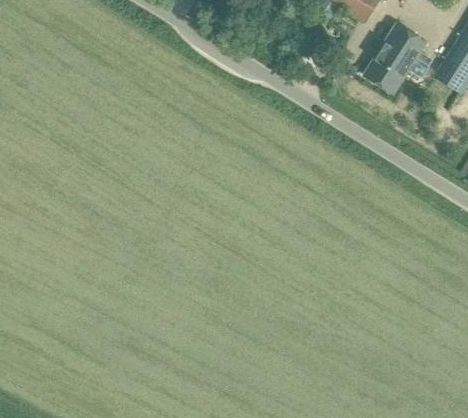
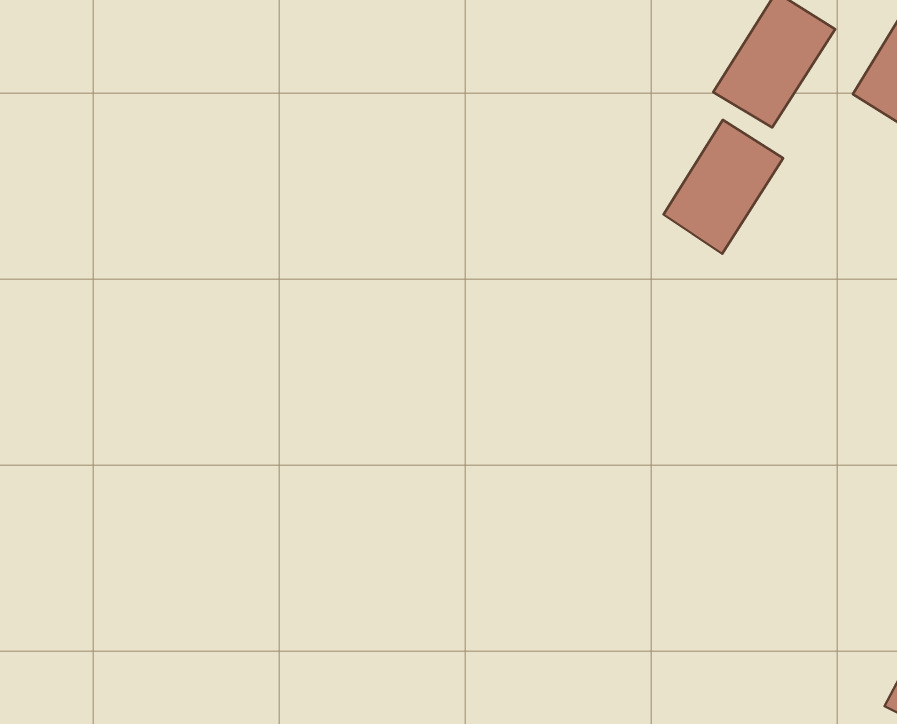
building: none -> [663,120,783,254]

